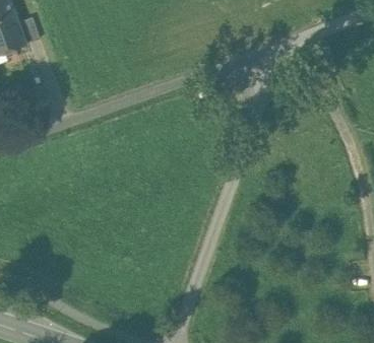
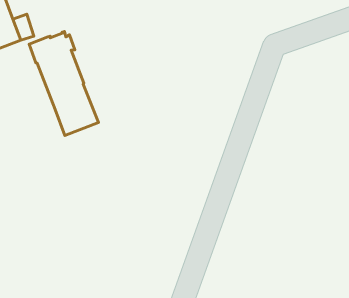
building: none -> [29,31,99,135]

